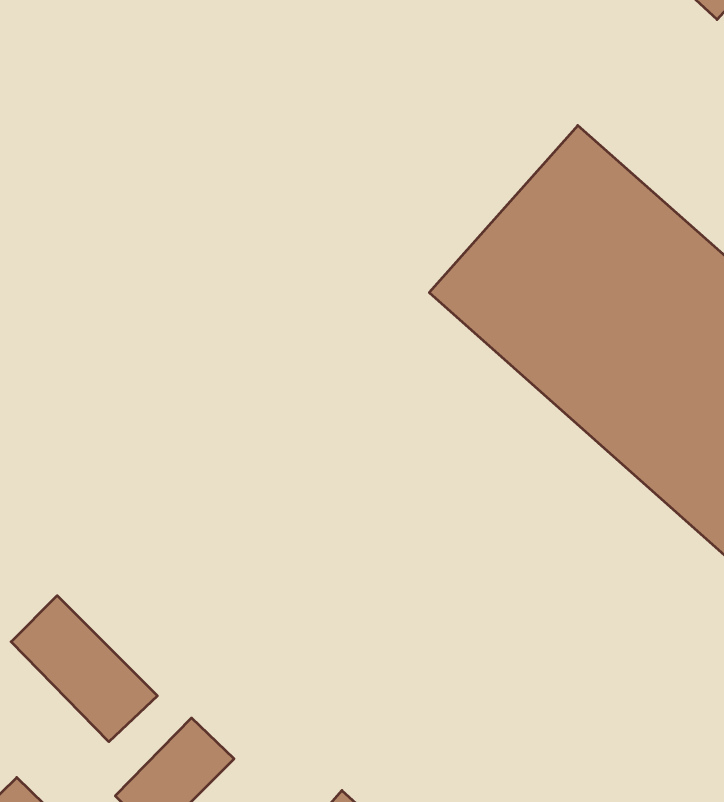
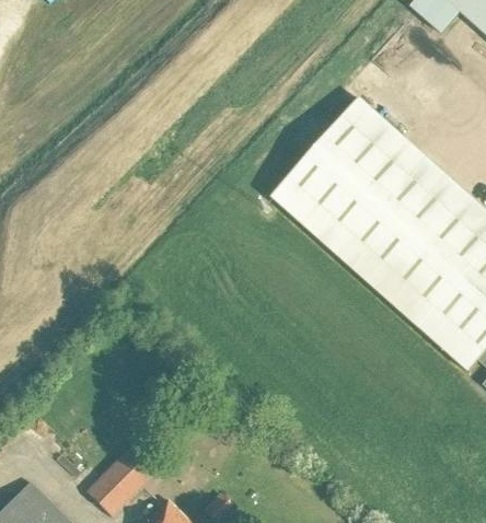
building: [11,596,157,742] -> none

